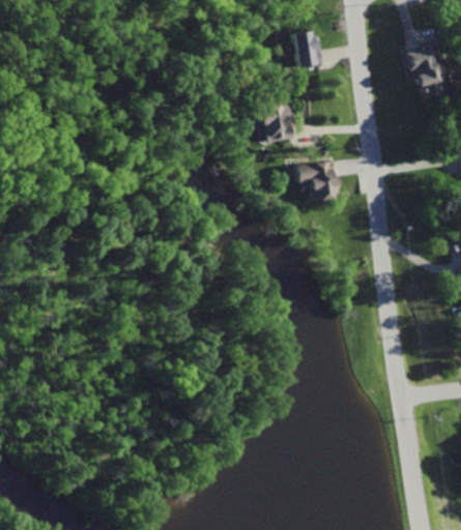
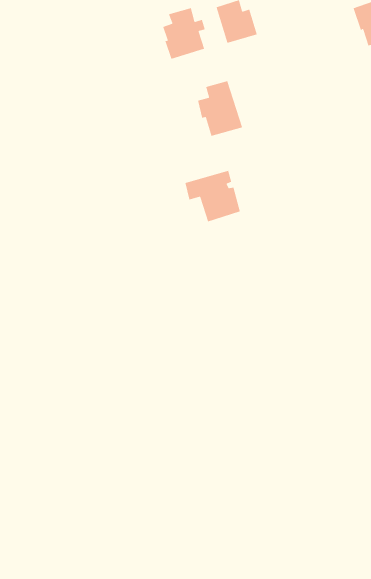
building: none -> [162,7,206,60]
building: [296,164,339,204] -> [184,170,241,223]

